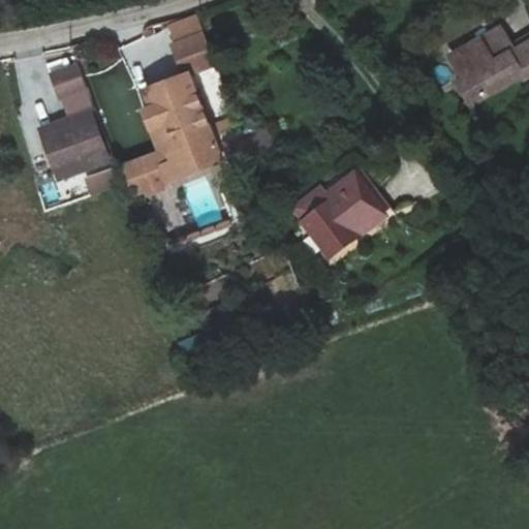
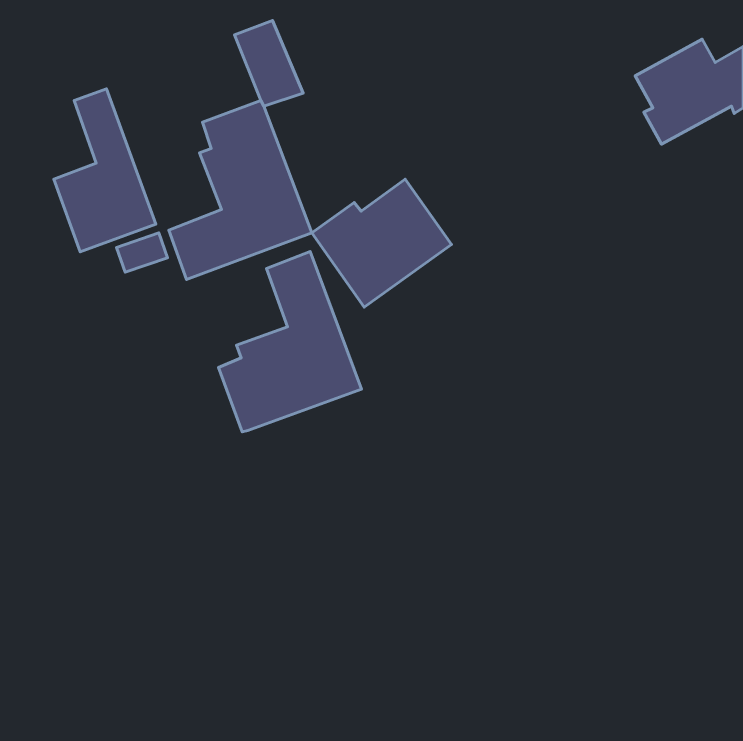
building: [291,167,391,258] -> [312,179,452,307]
building: none -> [218,251,361,432]

